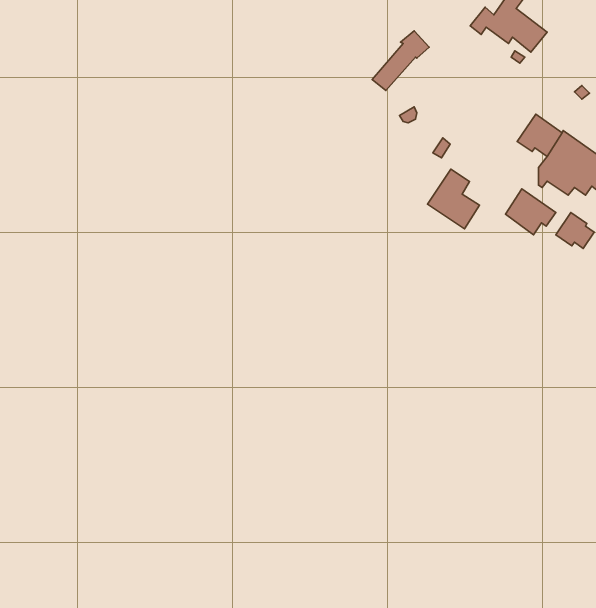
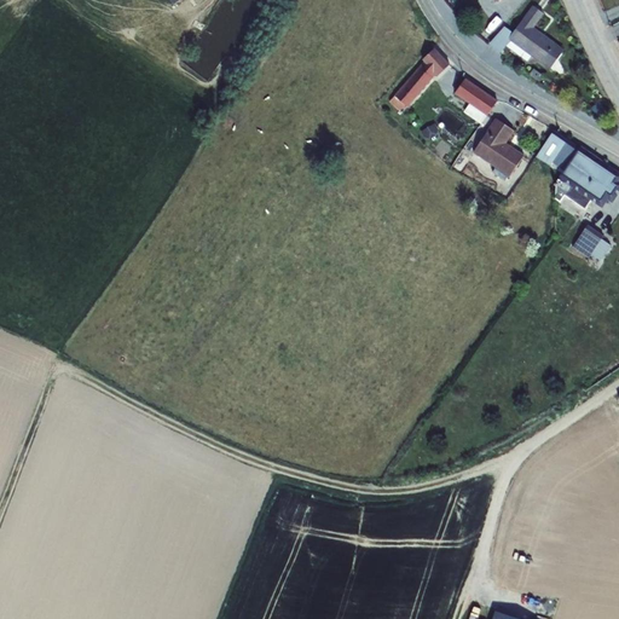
building: none -> [453,79,497,123]
building: [427,169,480,229] -> [473,118,523,177]
building: [505,189,556,235] -> none

